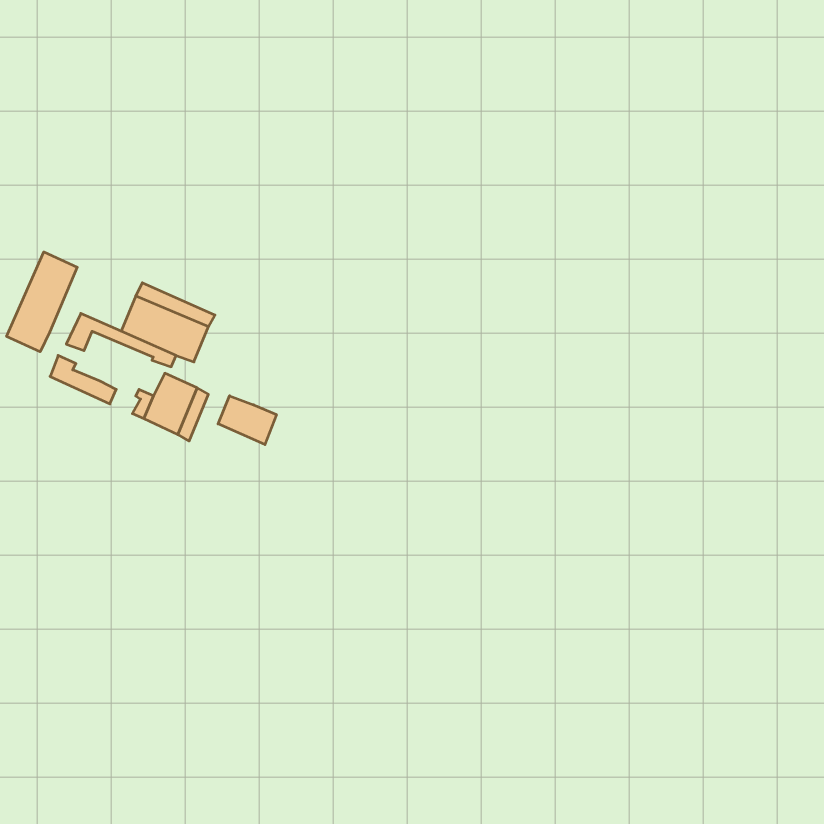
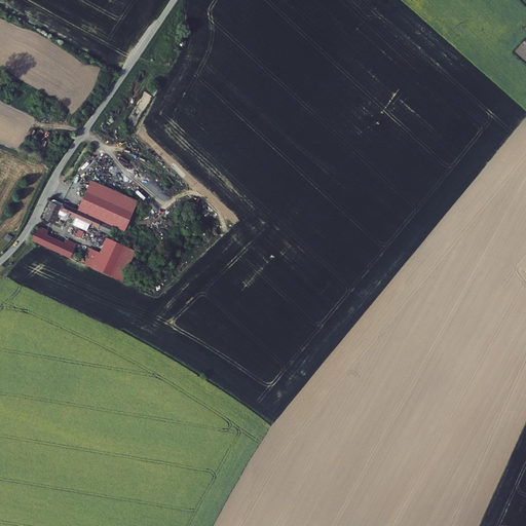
building: [7,252,77,352] -> none
building: [218,396,276,445] -> none

